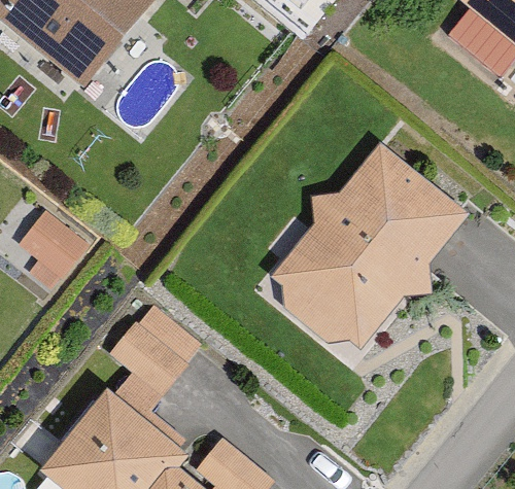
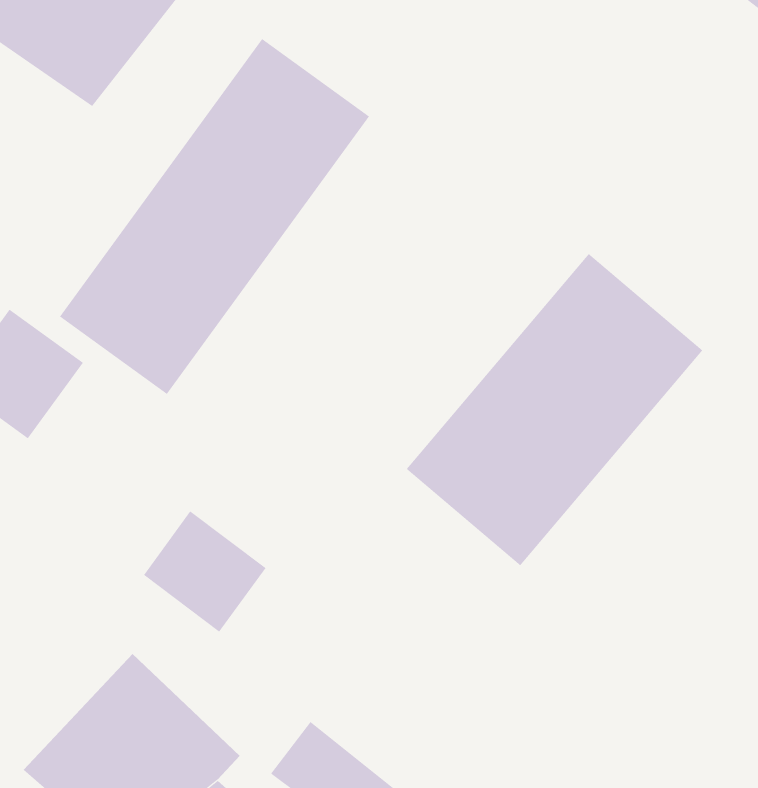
building: none -> [59,38,370,395]

